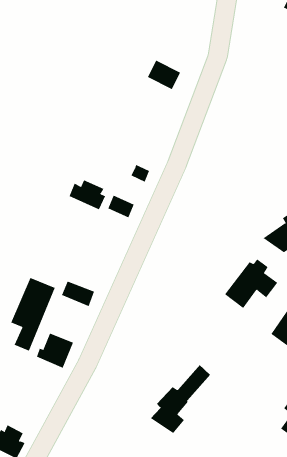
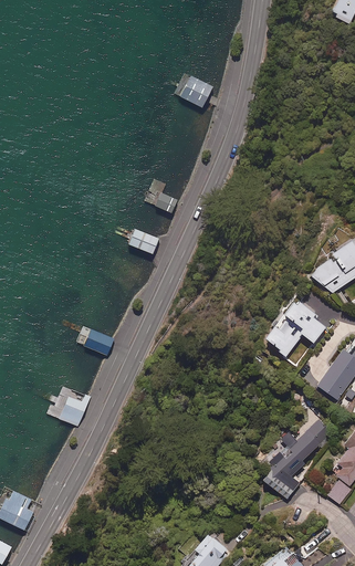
building: [69,180,106,210] -> none
building: [10,277,55,352] -> none
building: [150,364,211,434] -> [259,420,328,500]

